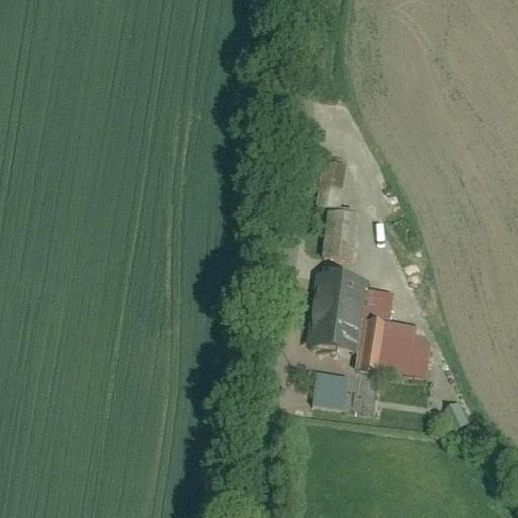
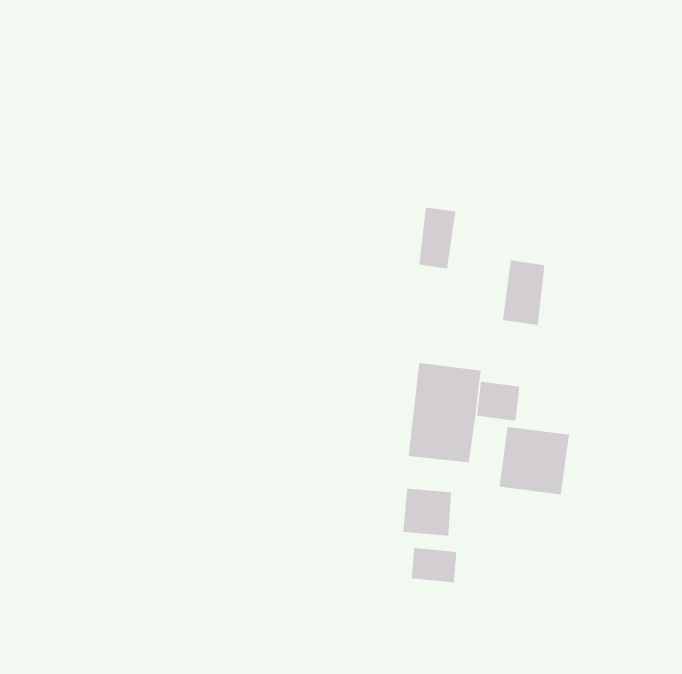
building: [323,209,355,259] -> [502,260,545,325]
building: [358,320,383,367] -> none
building: none -> [411,547,457,583]

